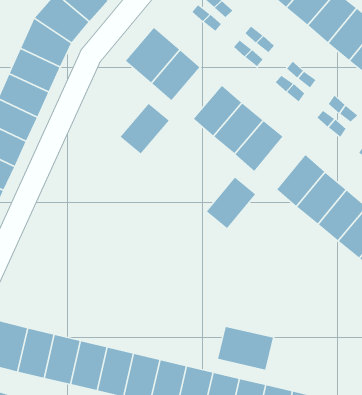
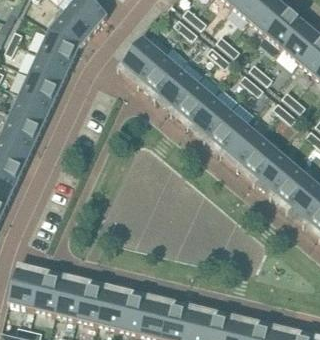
building: [119,103,170,155] -> [157,67,197,108]
building: [206,176,256,229] -> [223,122,263,164]
building: [217,326,274,370] -> none

